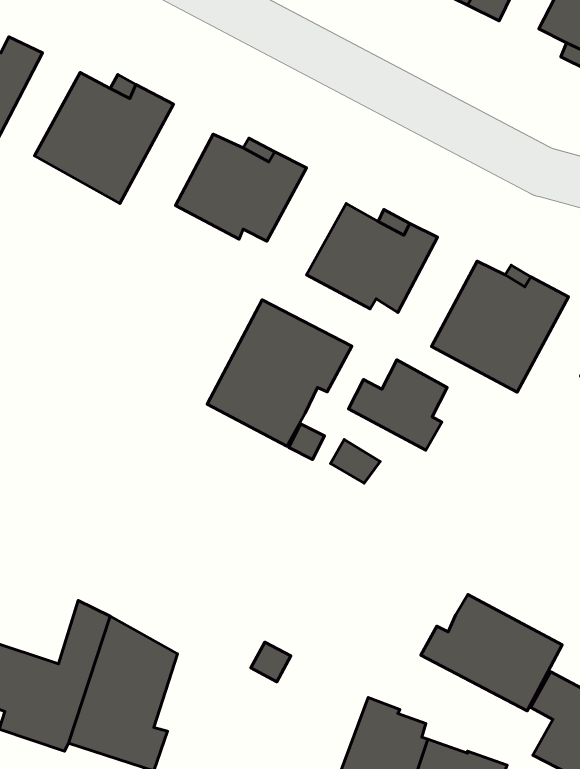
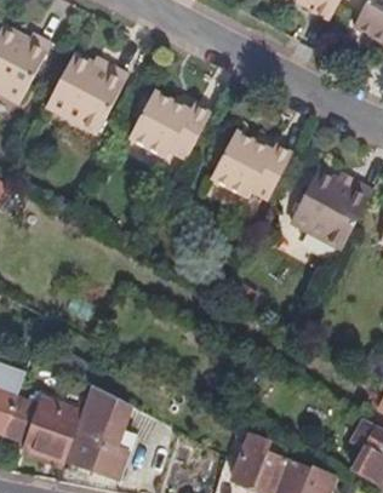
building: [207,300,352,446] -> none
building: [349,360,447,450] -> none
building: [421,594,562,711] -> none

